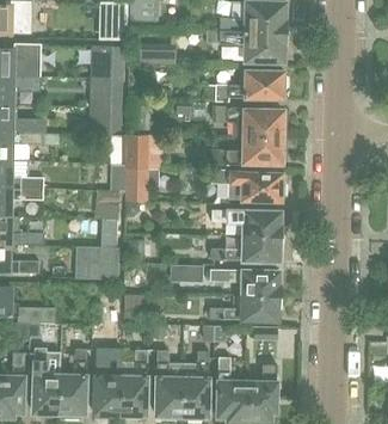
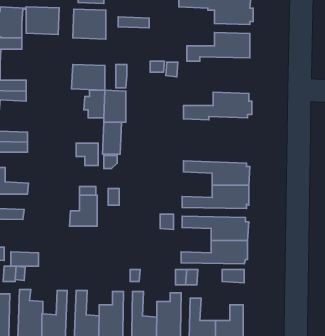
building: [92,76,128,106] -> [26,7,59,34]
building: [213,105,287,136] -> none
building: [211,168,284,199] -> none

